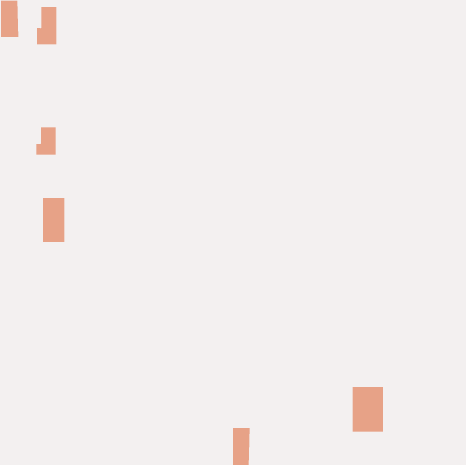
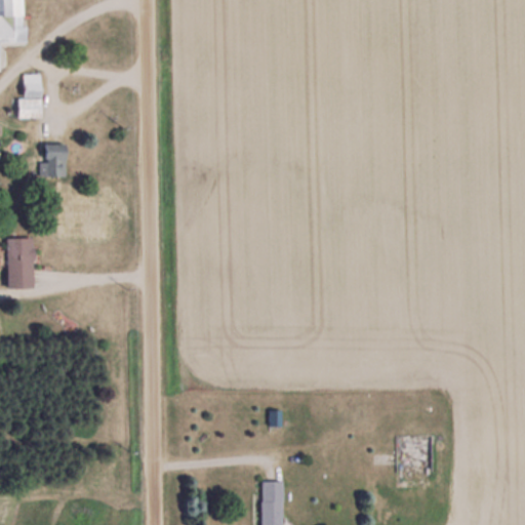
building: [36,7,57,45] -> [17,75,41,118]
building: [42,198,65,242] -> [7,238,33,288]

